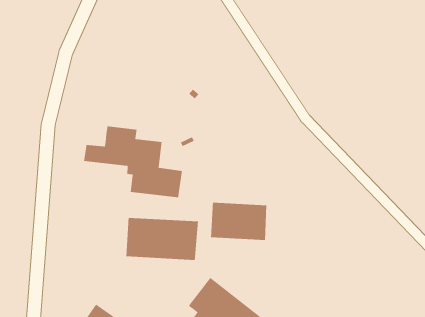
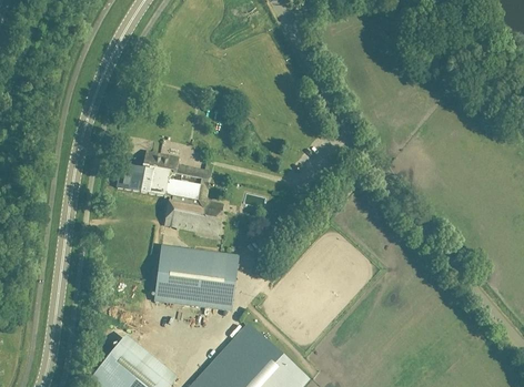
building: [210,202,267,241] -> none

